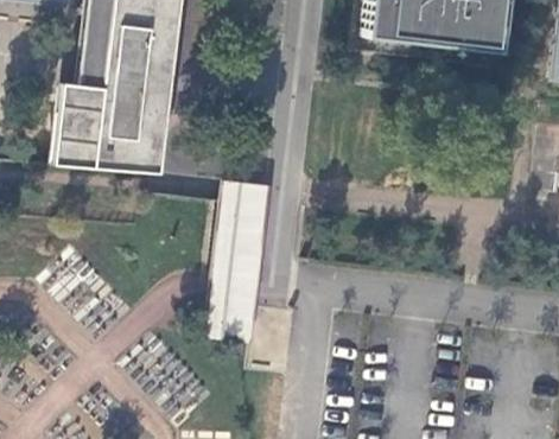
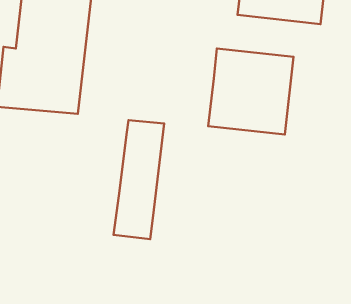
building: none -> [208,48,294,134]

